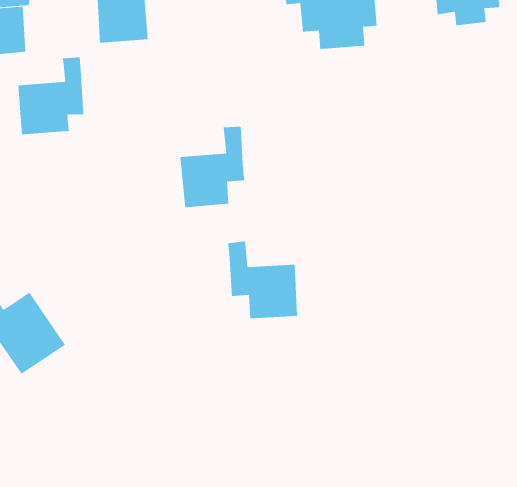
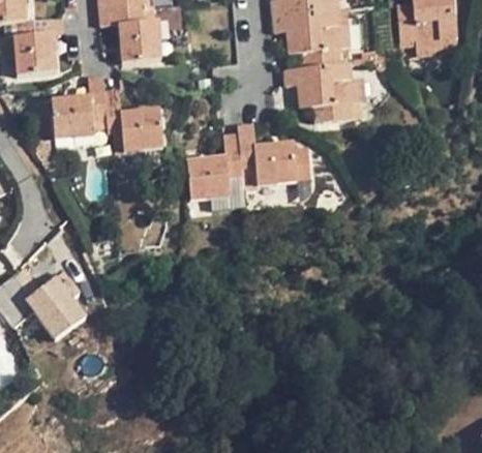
building: none -> [284,64,365,122]
building: none -> [106,89,163,154]
building: [227,241,298,319] -> [238,122,297,187]

